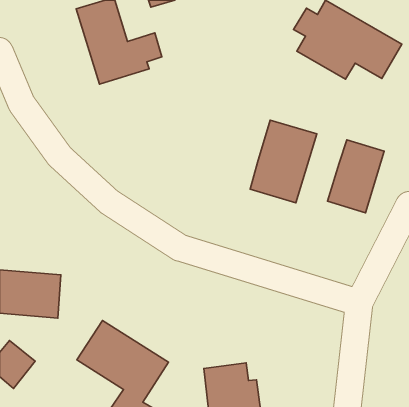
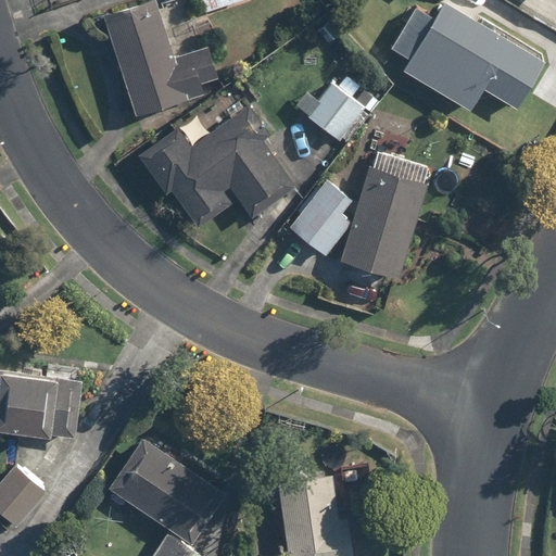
building: none -> [304,84,381,143]
building: none -> [136,85,296,229]
building: none -> [287,180,350,255]
building: [328,140,384,213] -> none

